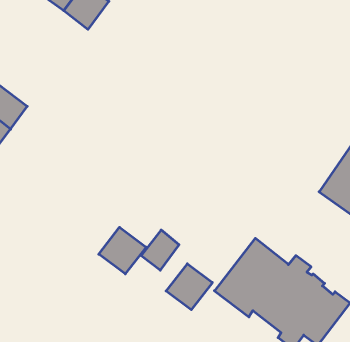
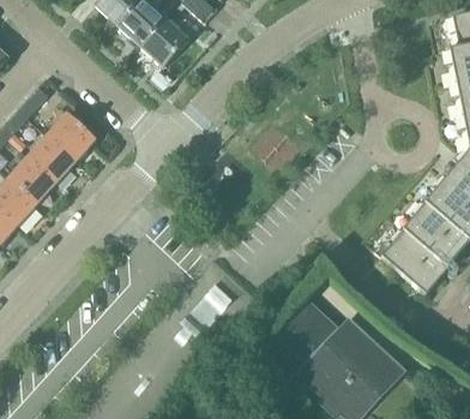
building: [99,227,146,274] -> none
building: [166,264,212,310] -> none

